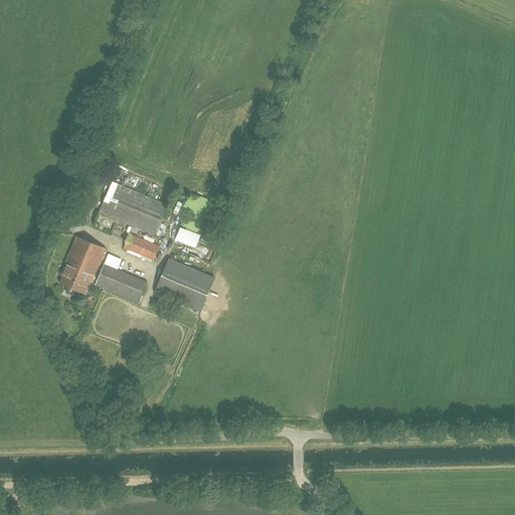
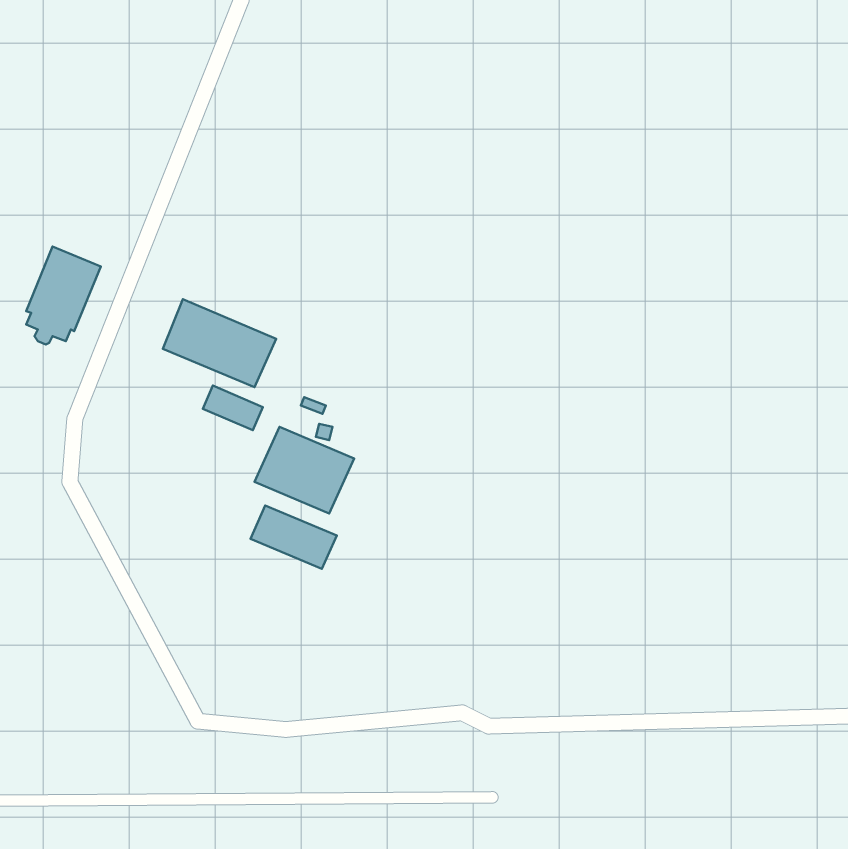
building: [59,236,105,296] -> [26,246,101,344]
building: [95,265,147,303] -> [250,506,337,569]

